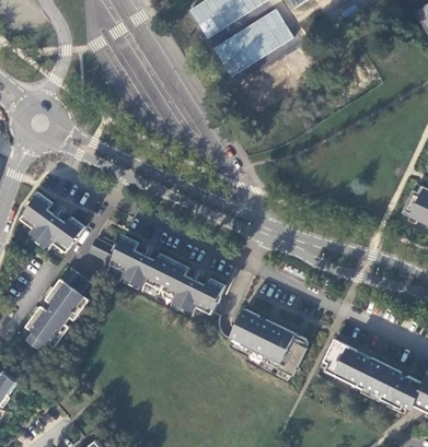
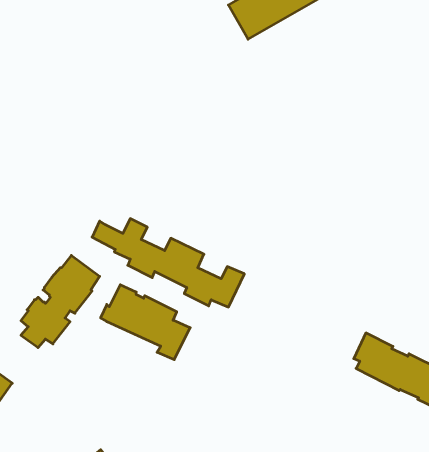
building: [20,193,84,254] -> none
building: [225,309,305,376] -> [101,285,190,360]

